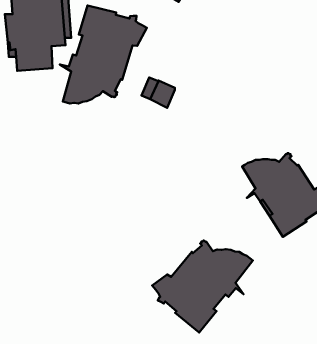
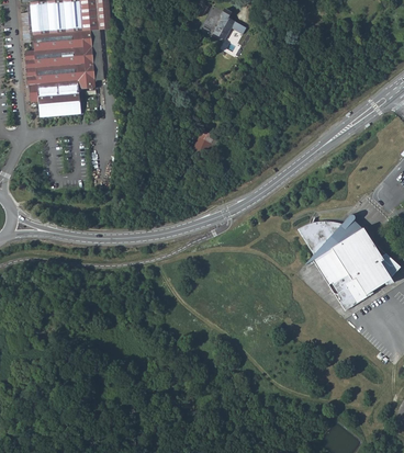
building: [60,5,147,103] -> none
building: [152,241,253,332] -> none

